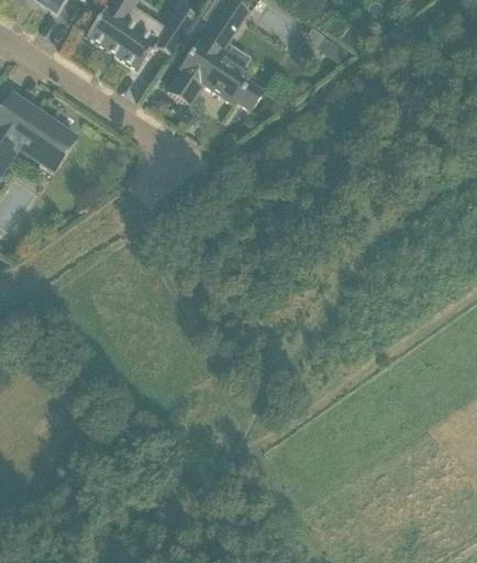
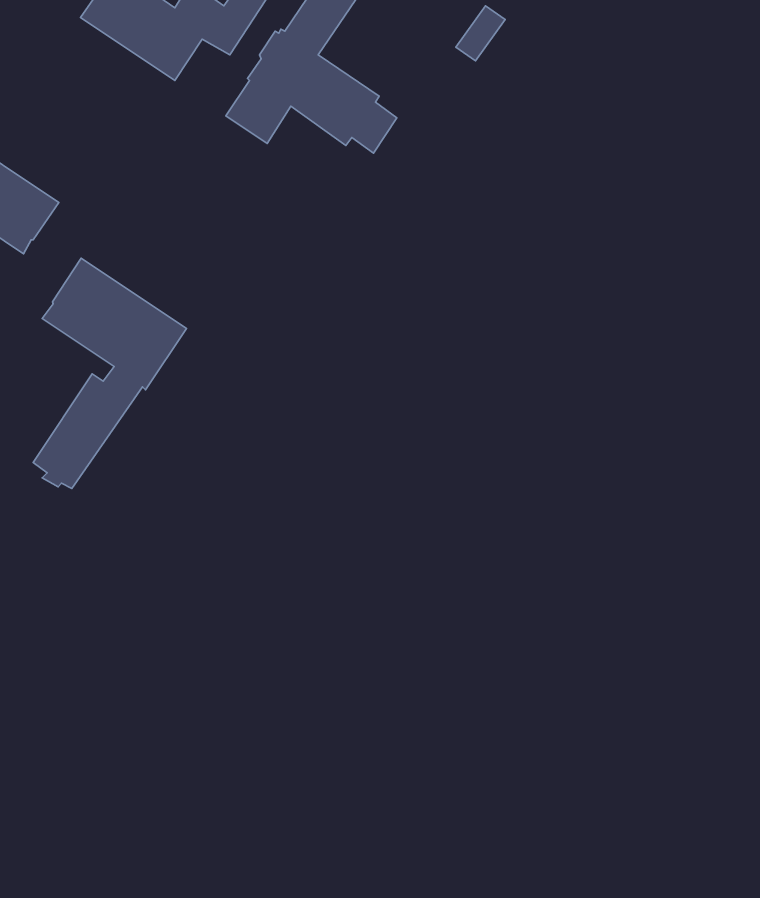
building: none -> [33,258,187,489]

